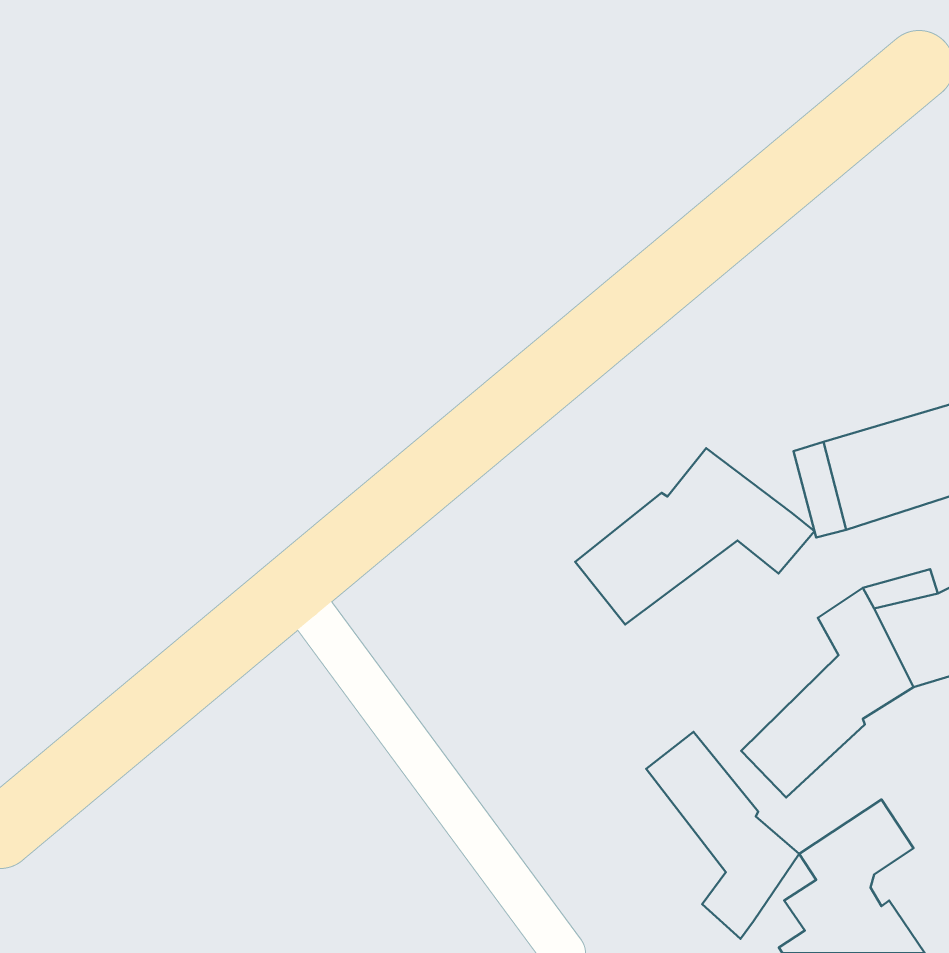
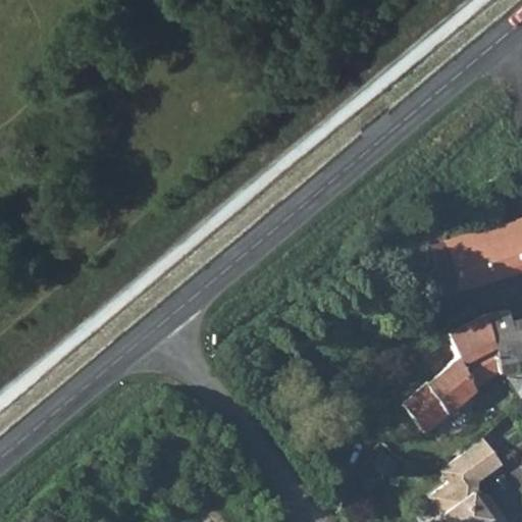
building: [575,448,814,625] -> none
building: [646,732,799,939] -> none

